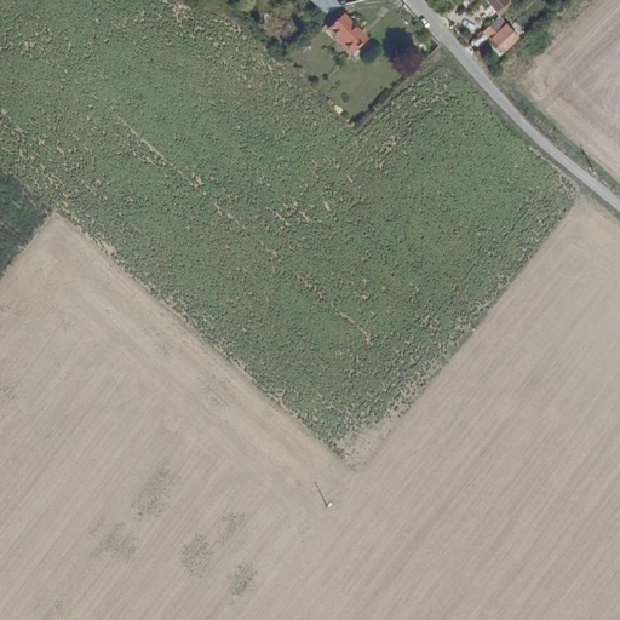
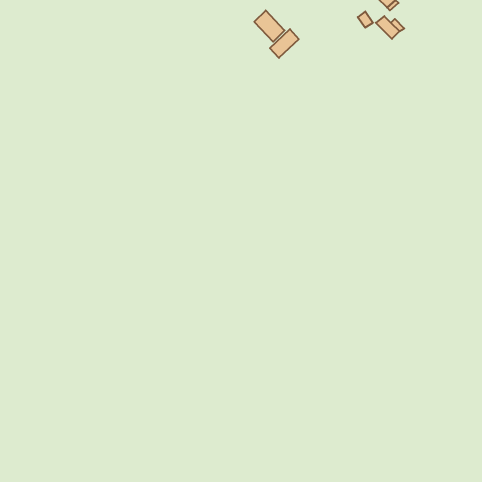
building: none -> [270,29,299,58]

